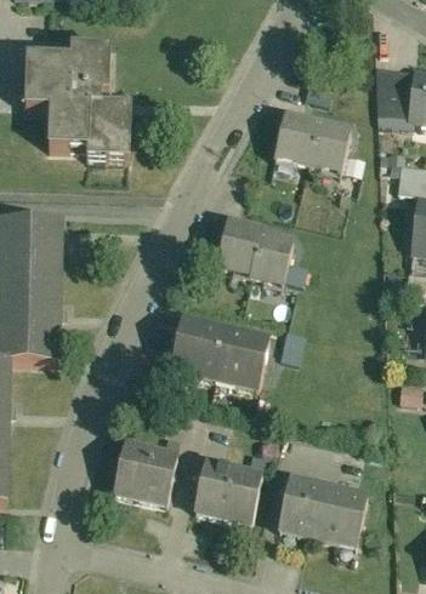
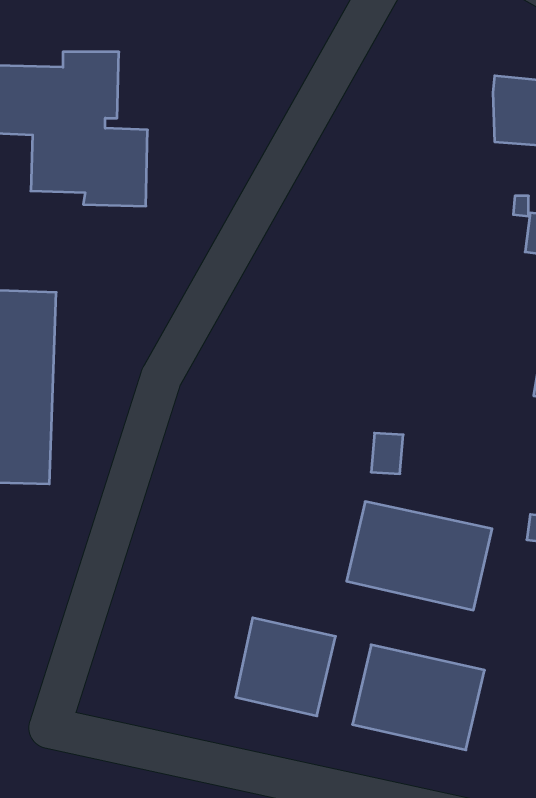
building: [273,110,350,173] -> none
building: [214,213,292,289] -> none
building: [165,315,269,393] -> [347,502,492,610]
building: [108,439,177,506] -> none

